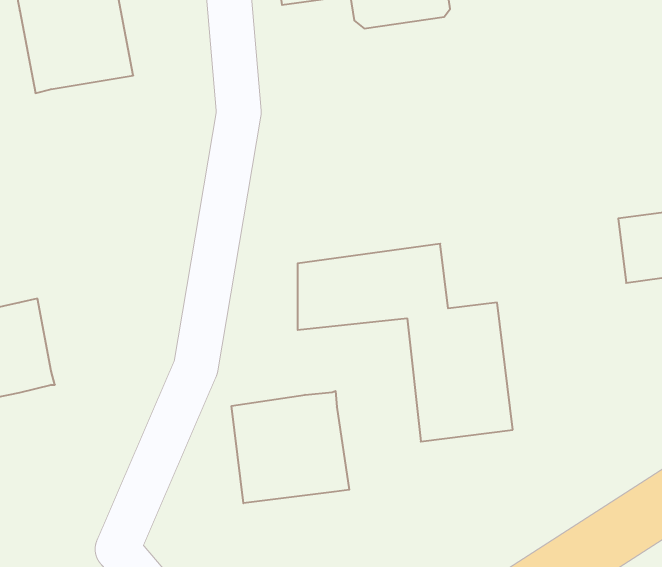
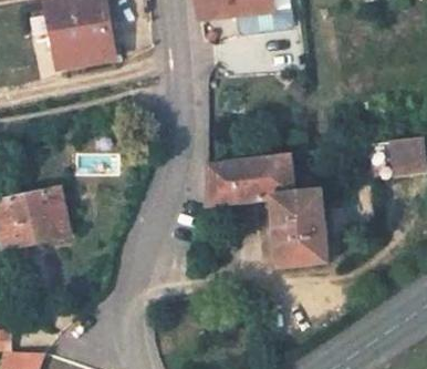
building: [232,391,349,503] -> none

